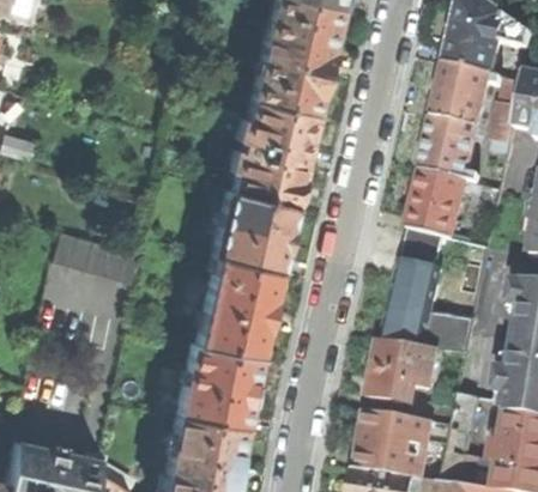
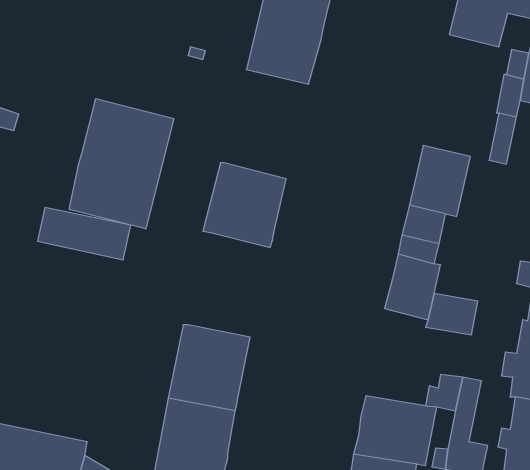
building: [422,66,503,186] -> none
building: [230,99,312,205] -> none
building: none -> [69,99,174,229]
building: [195,256,274,357] -> none
building: [369,341,440,406] -> none

